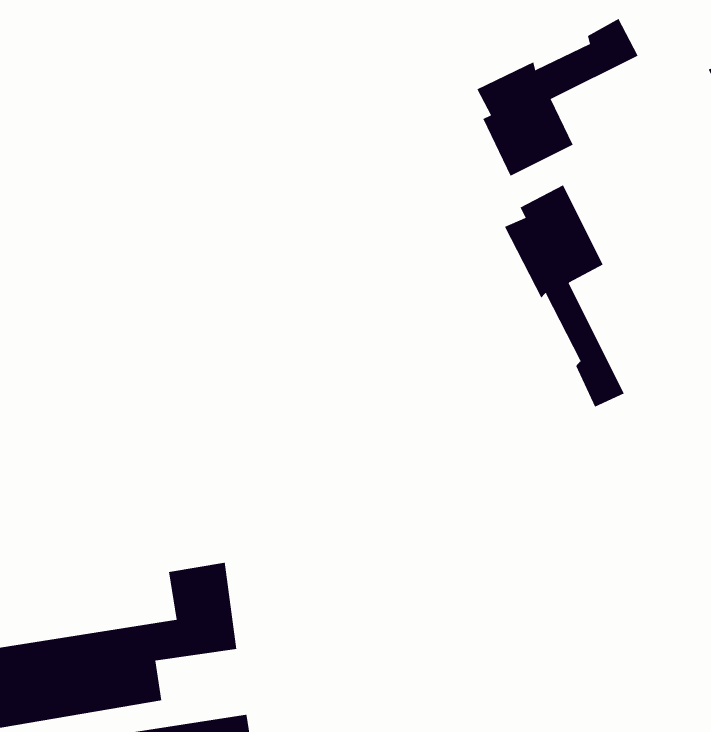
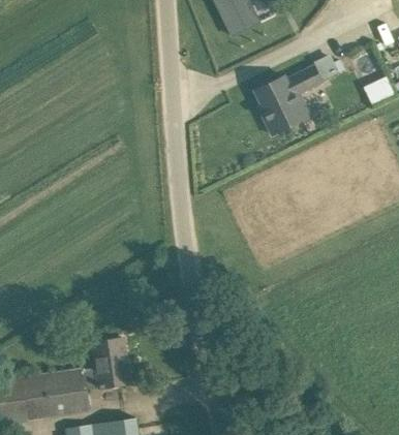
building: [504,184,625,408] -> none

